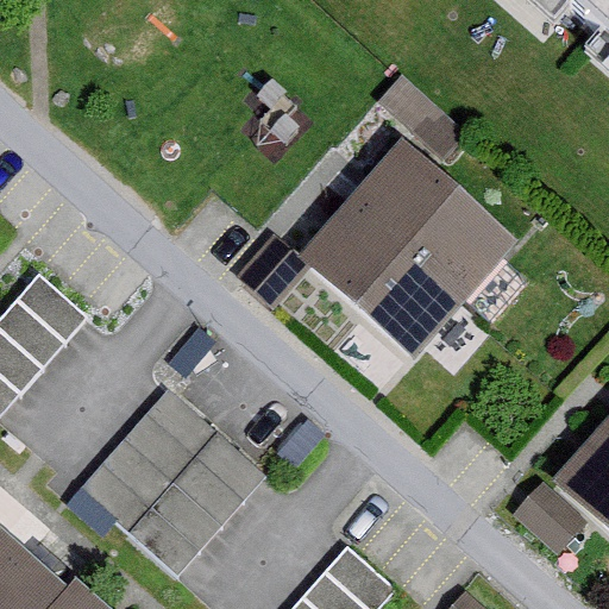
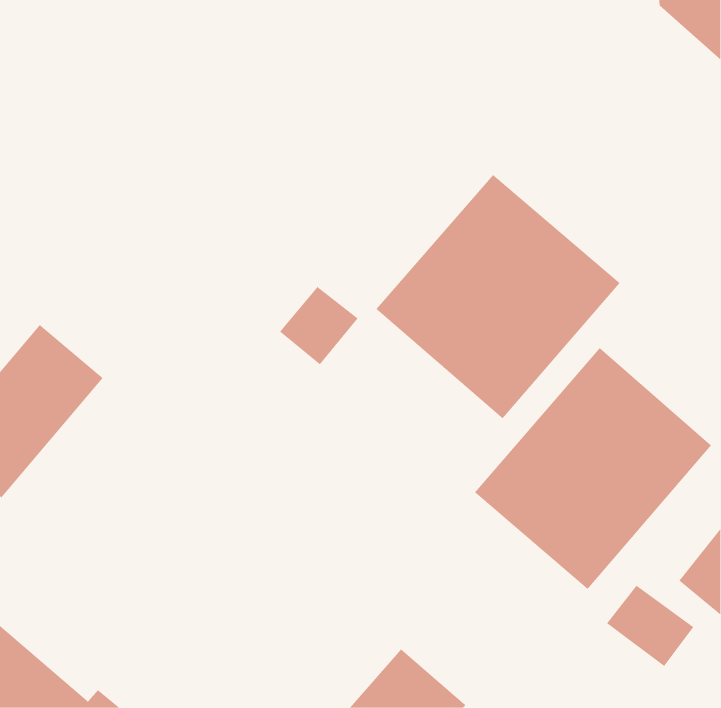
building: none -> [474,347,712,590]
building: [75,389,257,573] -> none

